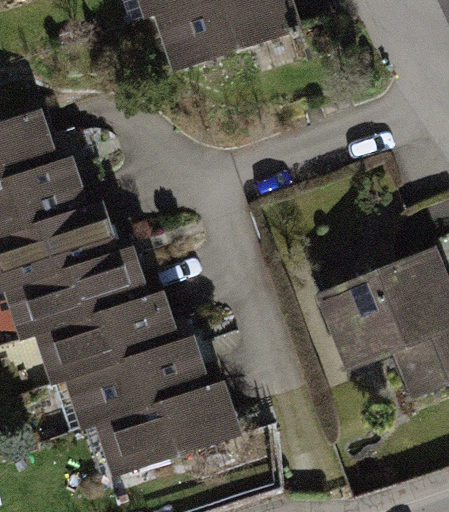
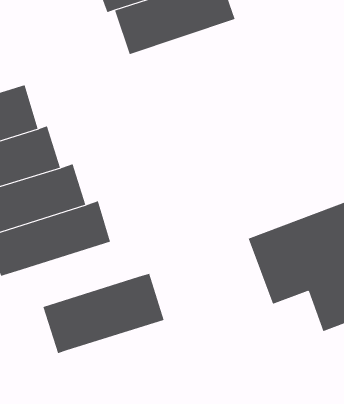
building: [34,291,181,381] -> none
building: [95,388,243,480] -> none

